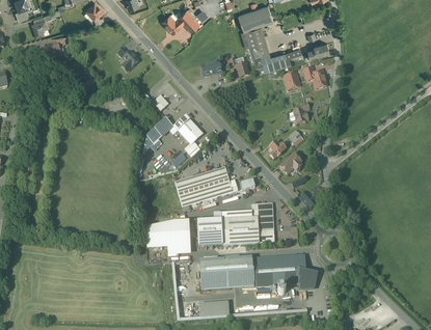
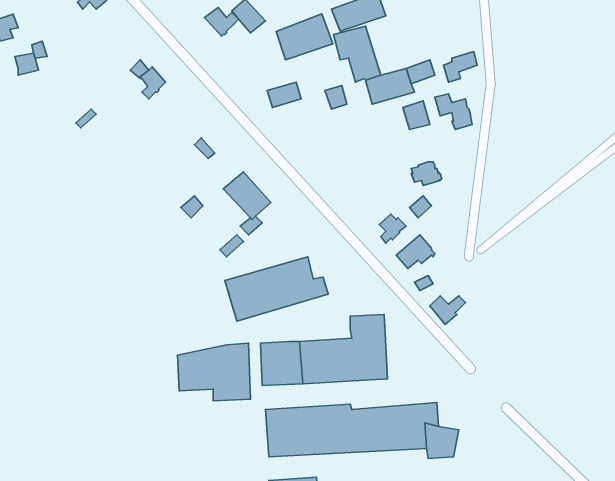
building: none -> [276,14,333,60]

